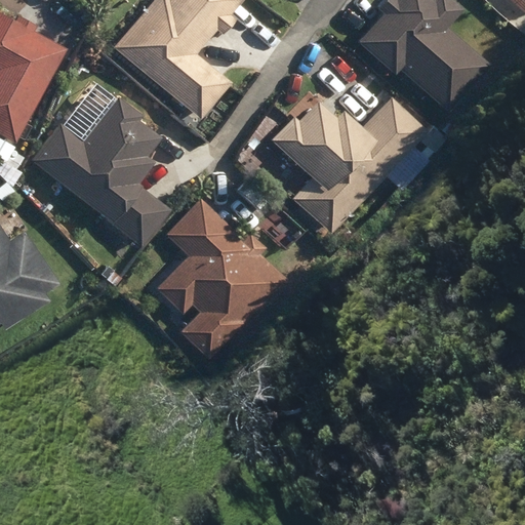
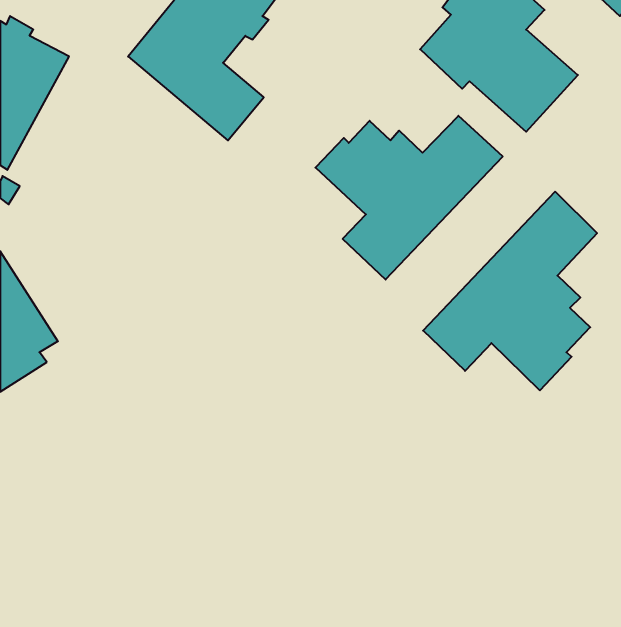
building: [30,95,168,245] -> none
building: none -> [423,192,597,390]
building: [156,198,287,358] -> none

